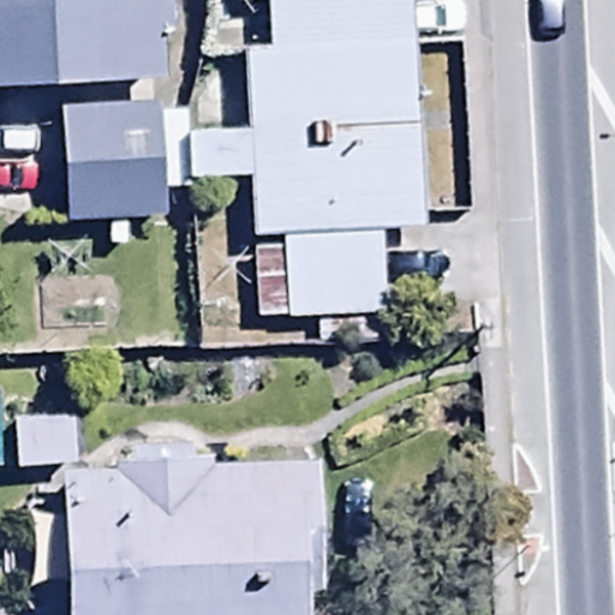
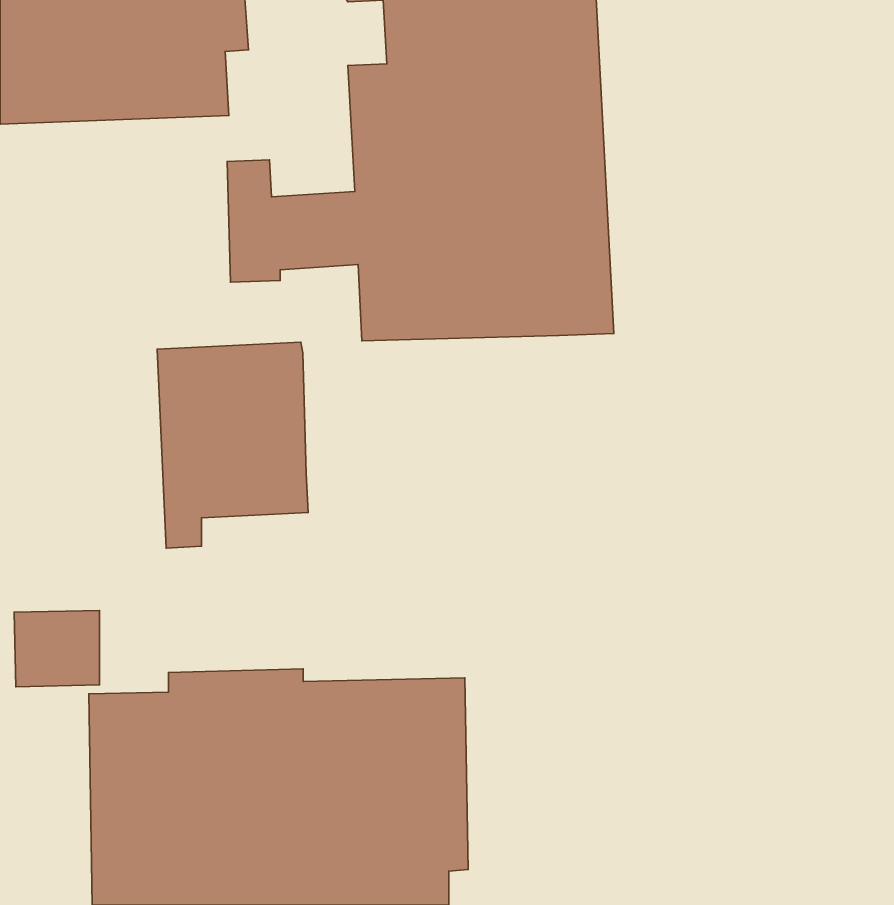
building: [64,102,166,241] -> [157,342,308,548]
building: [253,227,434,316] -> none

